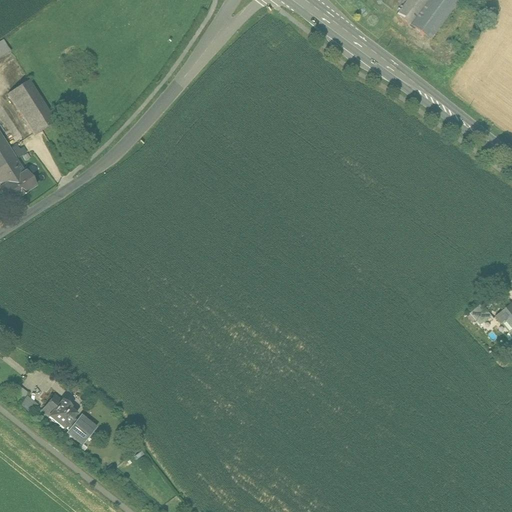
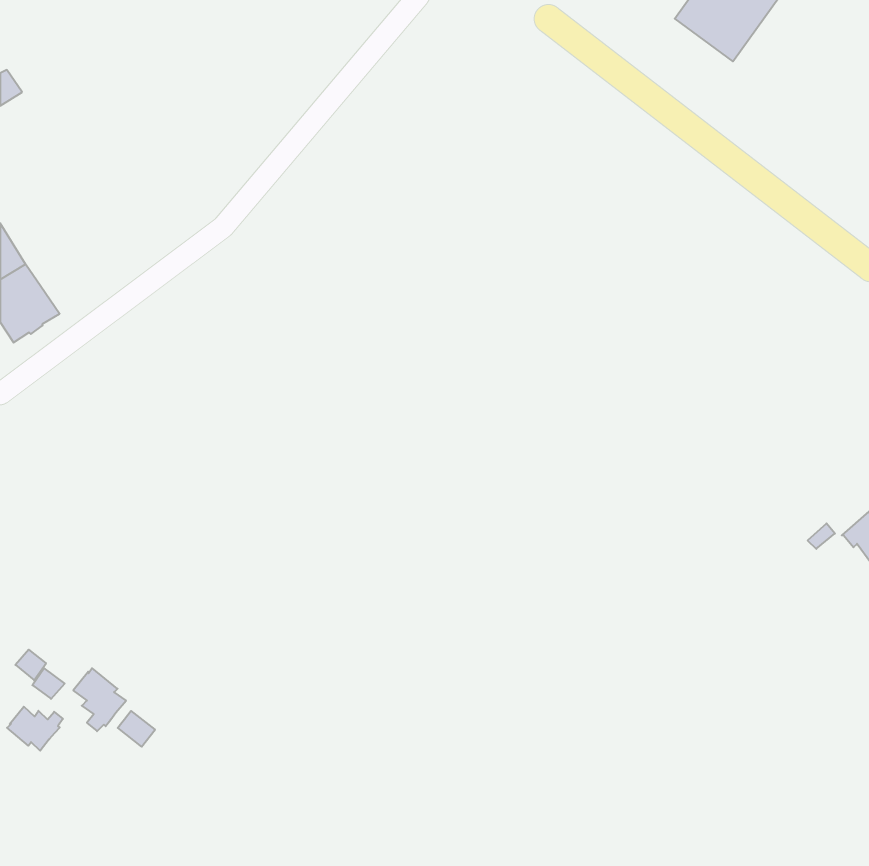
building: [8,77,56,132] -> none
building: none -> [7,707,63,751]

